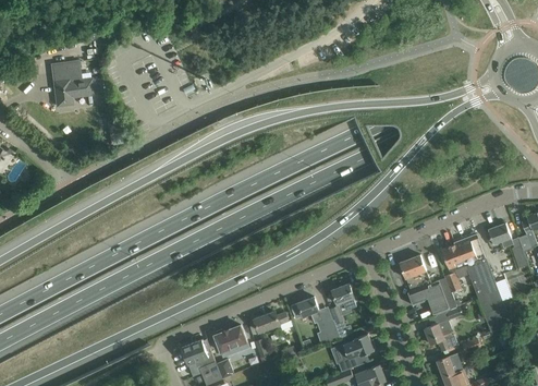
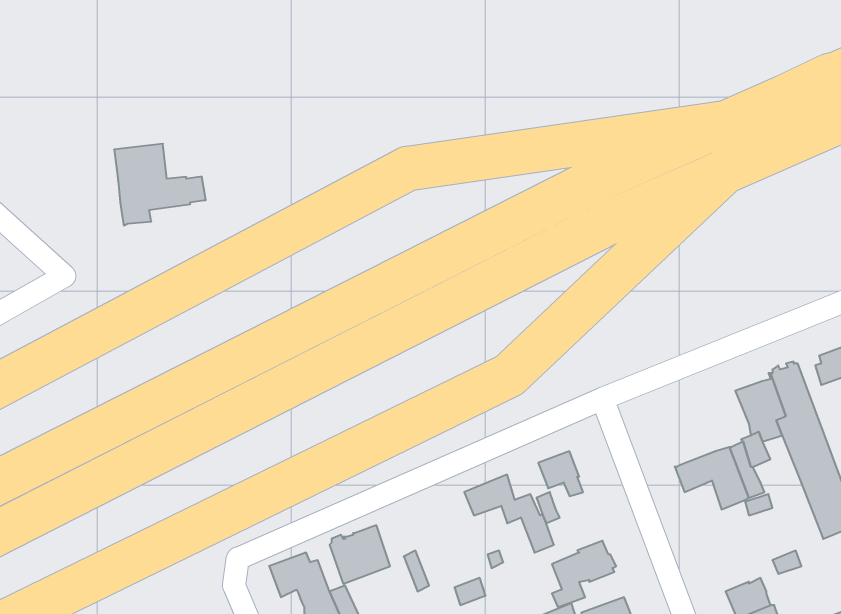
building: [51,61,102,107] -> [114,144,206,226]
building: [399,255,430,291] -> none
building: [254,312,294,331] -> none
building: [424,321,457,352] -> none

